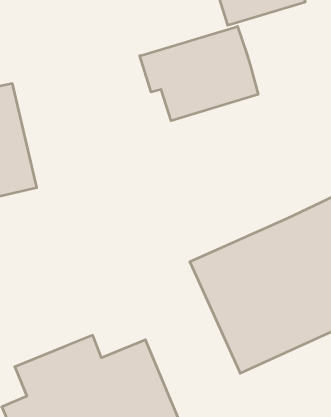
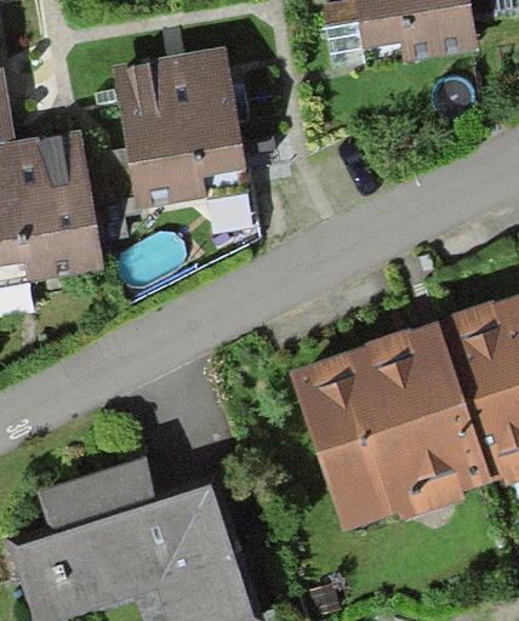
building: none -> [113,50,247,209]
building: [140,26,258,121] -> none

